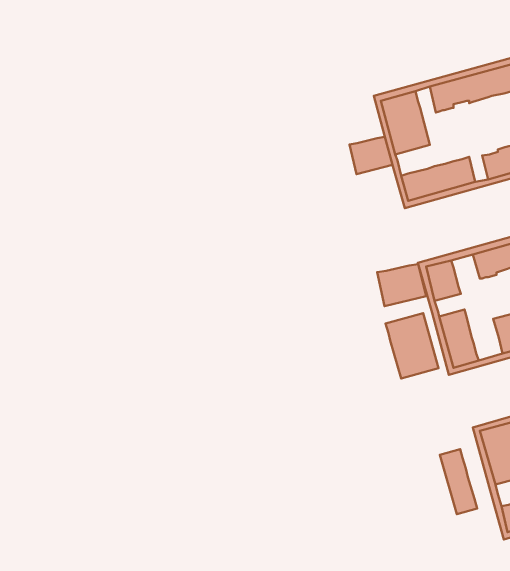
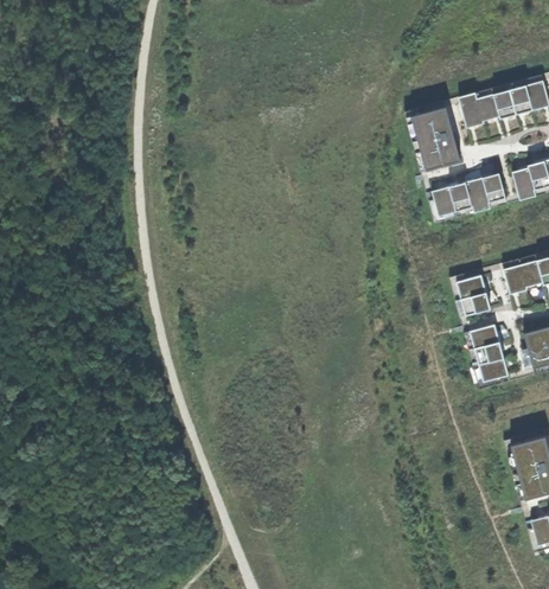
building: [349,137,392,174] -> none
building: [377,264,426,306] -> none
building: [386,313,439,378] -> none
building: [440,449,477,514] -> none

